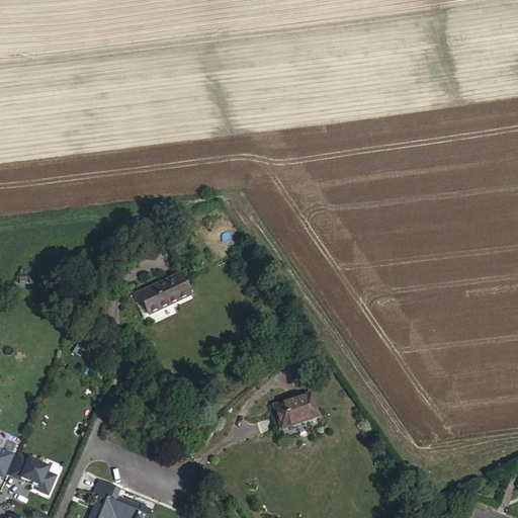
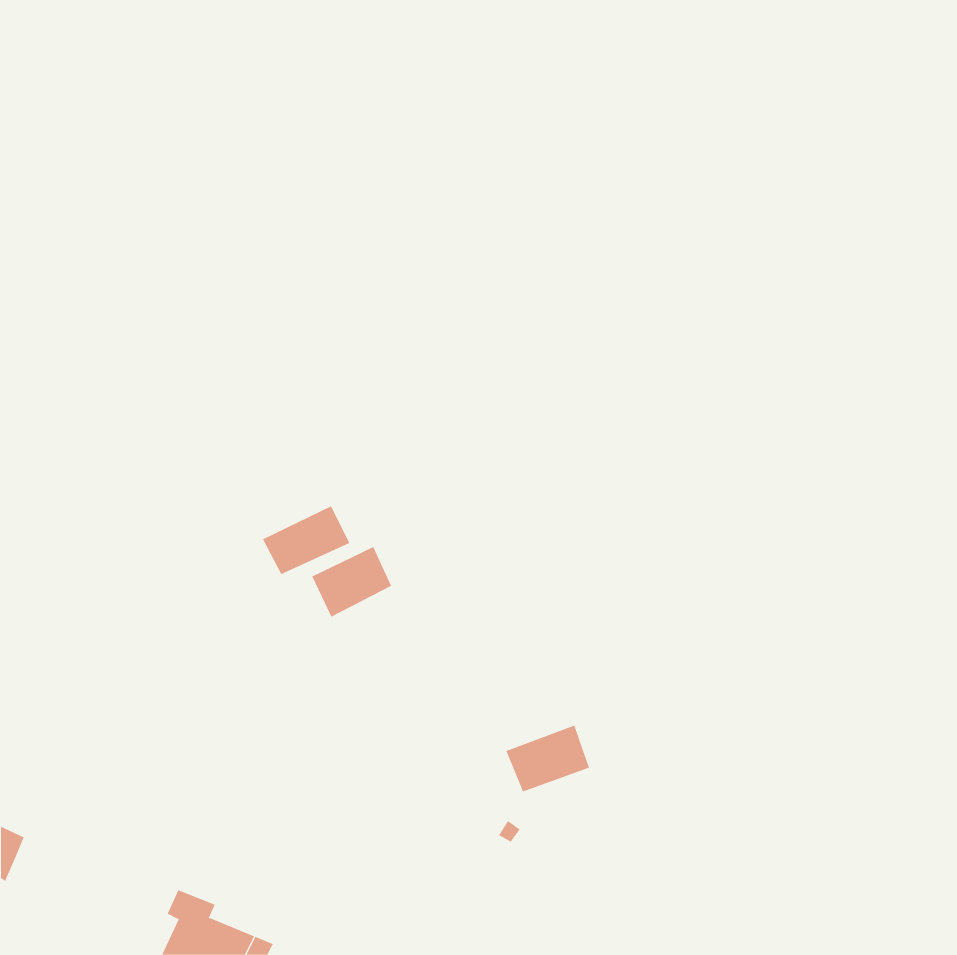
building: none -> [312,546,392,618]
building: [9,453,56,494] -> none

